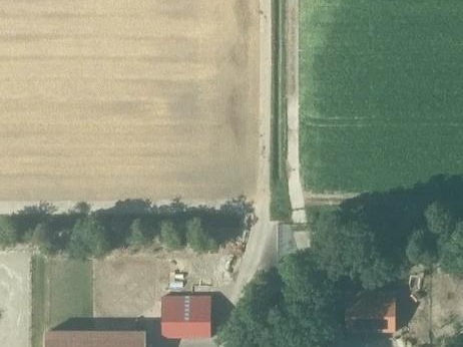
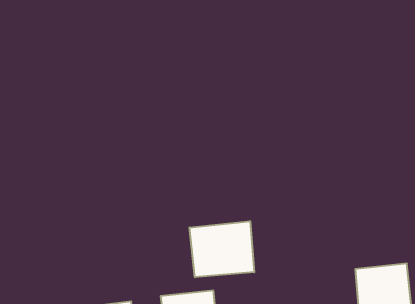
building: none -> [190,221,254,277]

